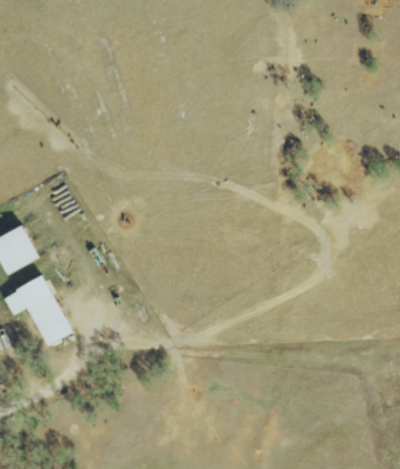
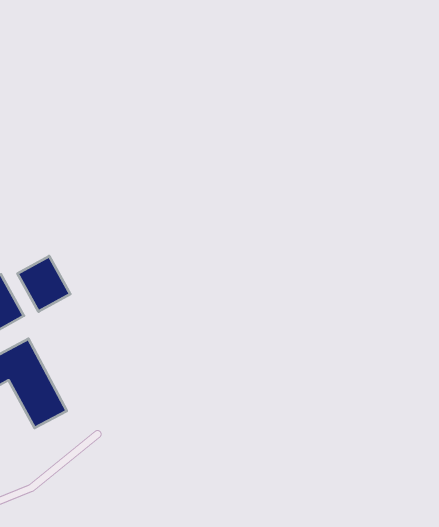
building: none -> [18,256,70,312]

